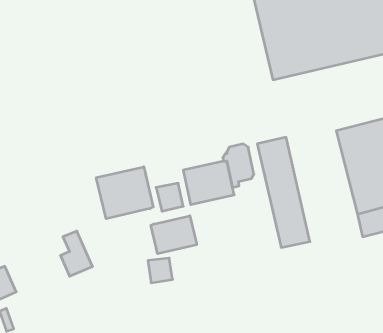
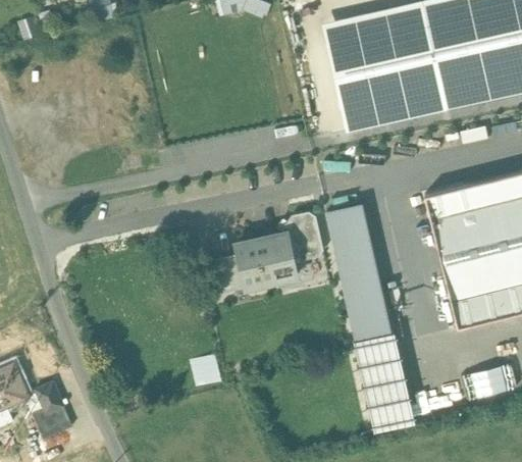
building: [96,167,153,219] -> none
building: [151,216,197,254] -> none
building: [60,231,93,276] -> [33,382,72,439]
building: none -> [354,332,415,431]

